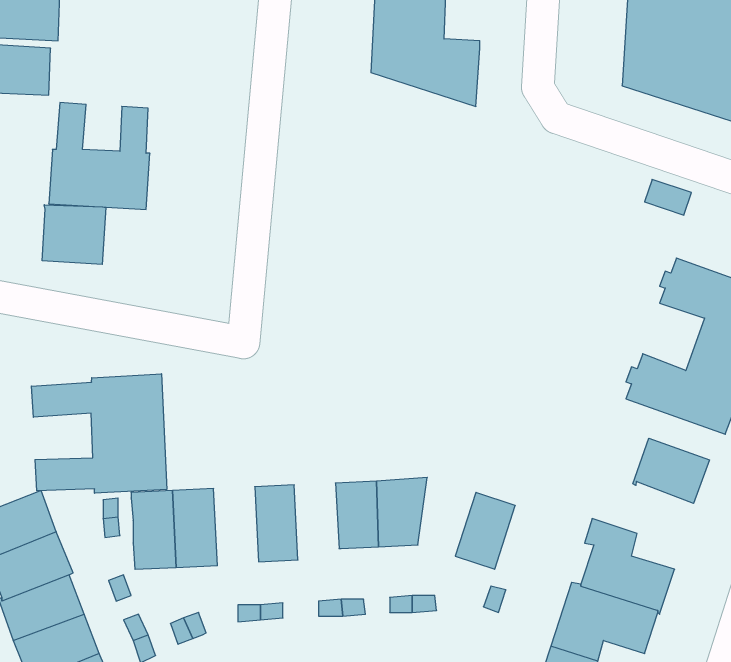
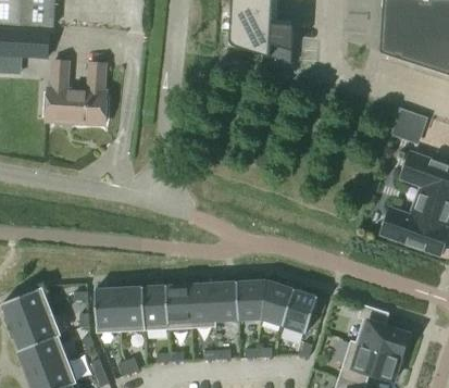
building: [42,205,106,264] -> none
building: [31,374,167,493] -> none
building: [633,438,709,503] -> none
building: none -> [260,279,294,325]
building: none -> [188,283,215,327]
building: none -> [141,285,167,330]

